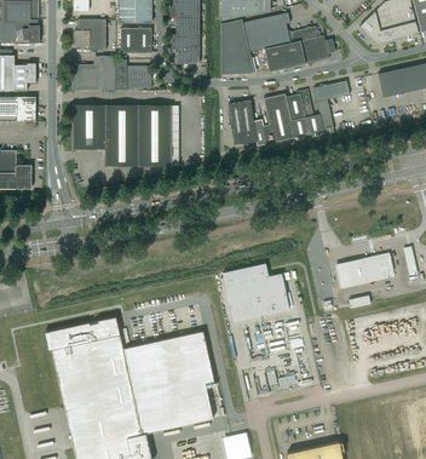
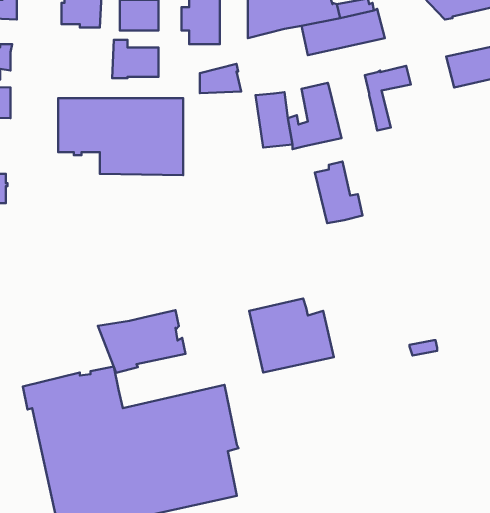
building: [221,51,254,74] -> [200,64,241,93]
building: [73,56,115,90] -> none
building: [286,88,323,137] -> [315,162,363,223]
building: [335,252,395,288] -> none
building: none -> [98,310,185,373]

